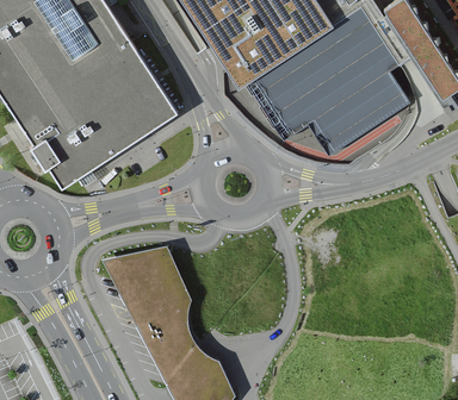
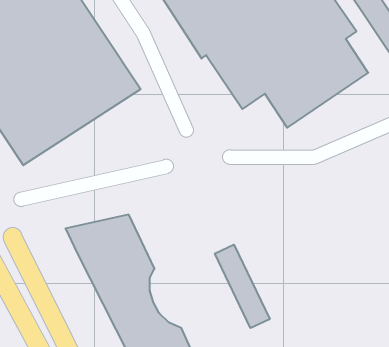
building: none -> [215,245,270,328]

